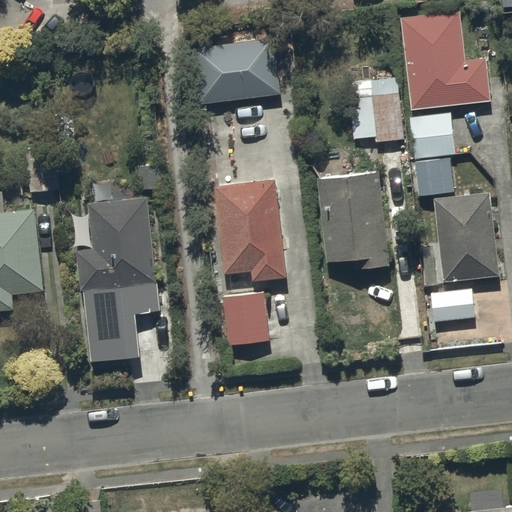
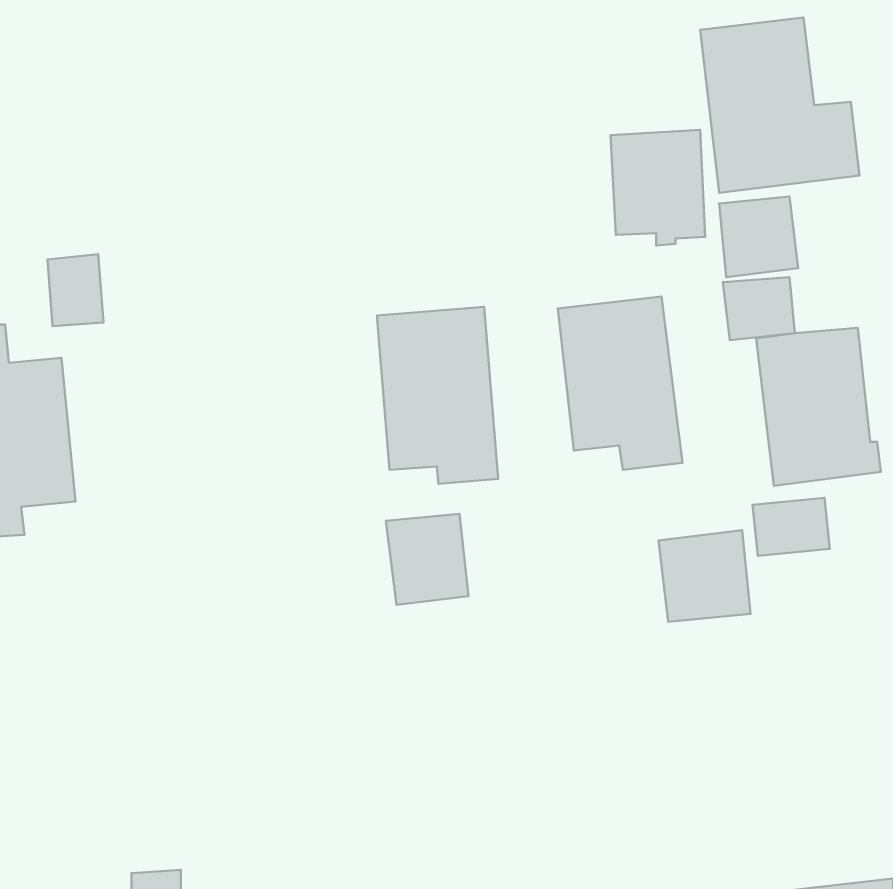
building: [191,38,279,103] -> none
building: [78,196,160,360] -> none
building: none -> [658,530,750,622]

